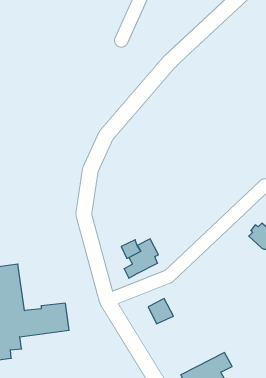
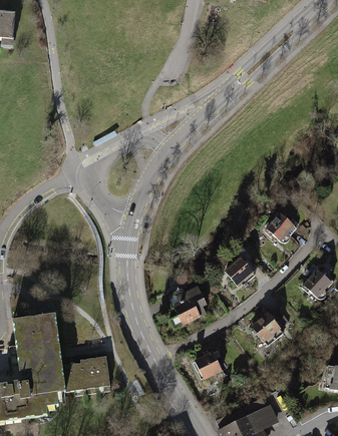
building: none -> [266,211,294,241]
building: none -> [225,257,252,284]
building: none -> [252,312,283,339]

